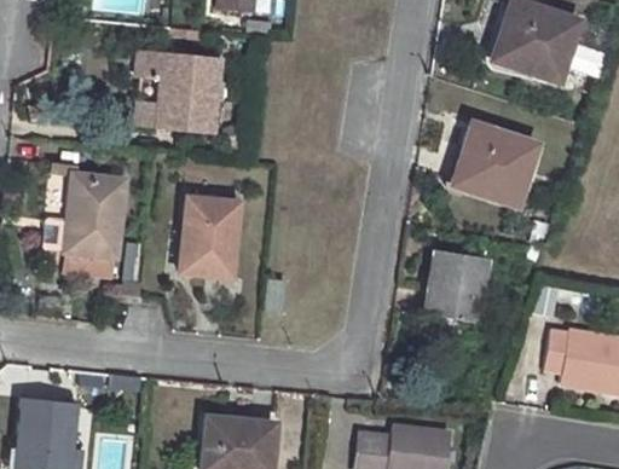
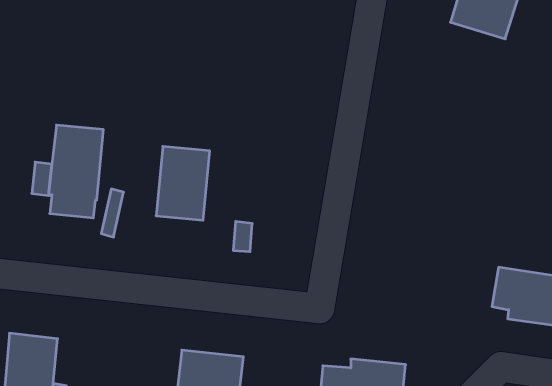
building: [135,48,220,135] -> none
building: [458,123,537,205] -> none
building: [424,248,485,323] -> none

